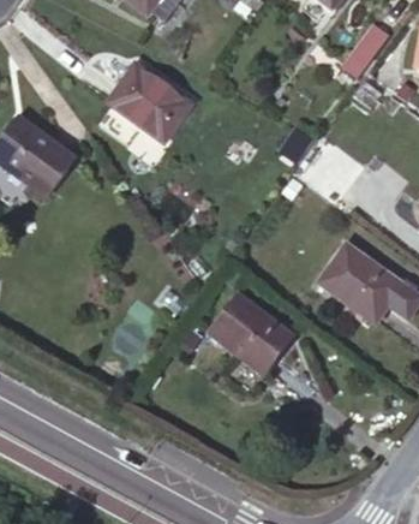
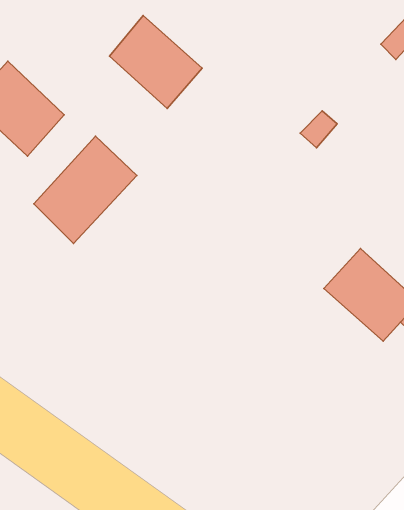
building: none -> [34,136,137,244]
building: [209,294,293,375] -> none

